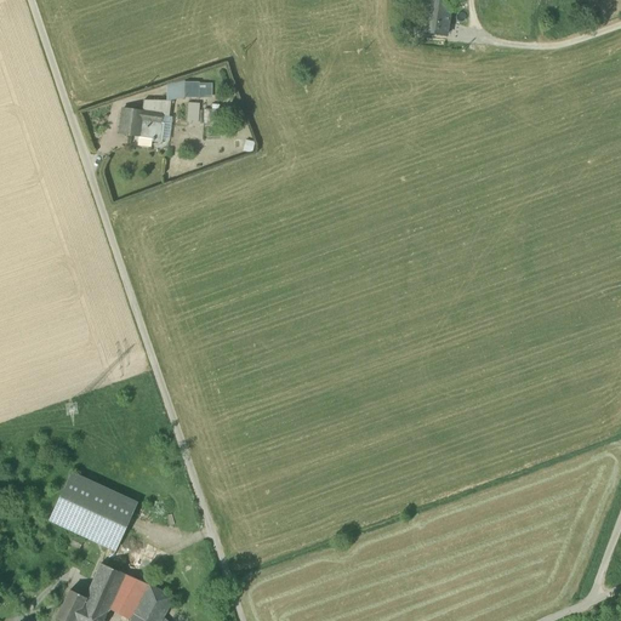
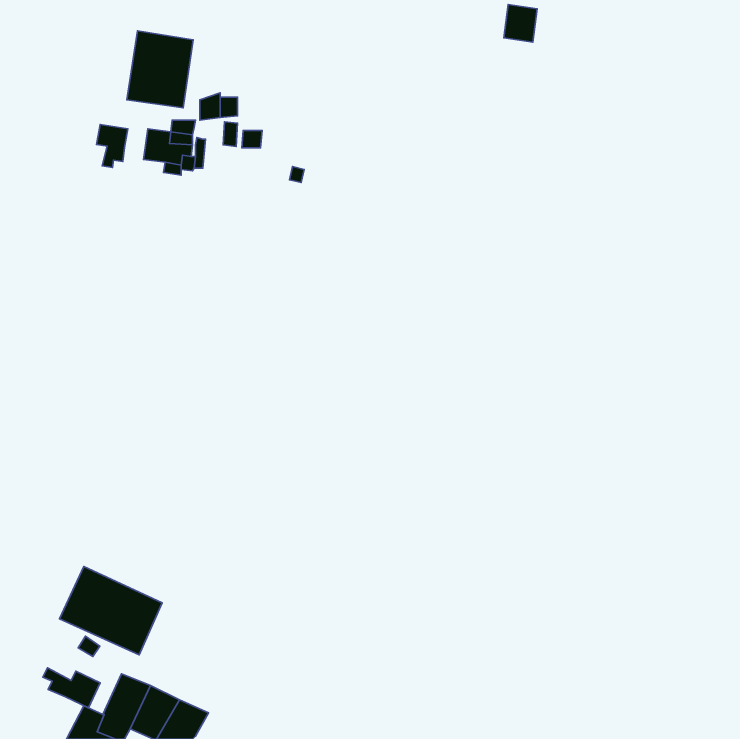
building: none -> [127,31,193,108]
building: none -> [97,124,128,168]
building: none -> [43,668,100,708]

